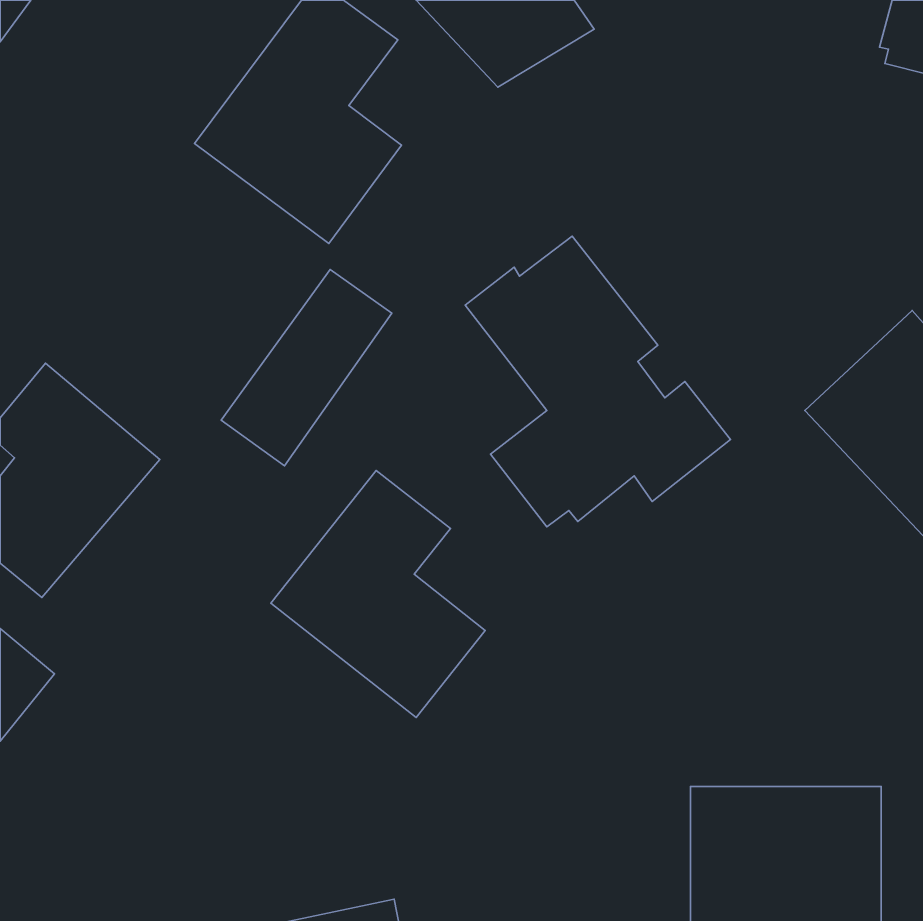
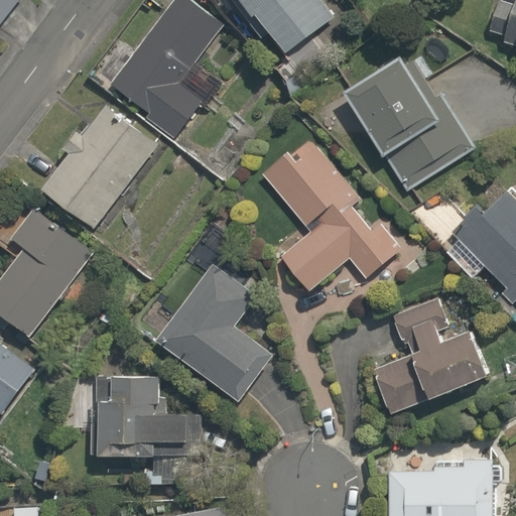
building: none -> [339,56,472,190]
building: [221,269,392,466] -> [58,121,153,230]
building: none -> [373,293,486,414]
building: none -> [96,374,186,458]

